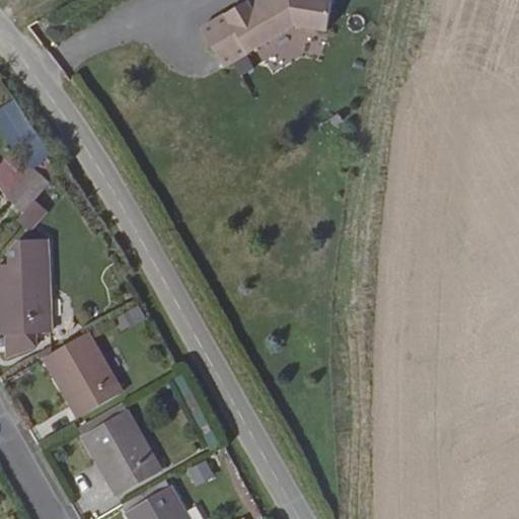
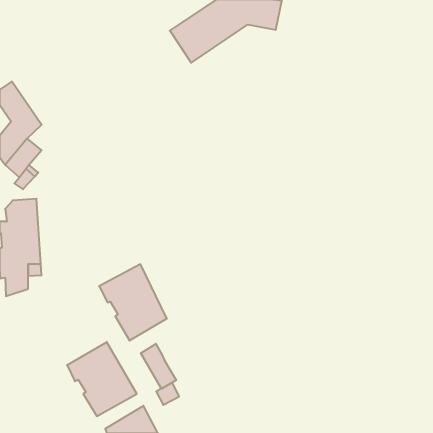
building: [40,331,121,423] -> [99,264,167,341]
building: none -> [141,344,176,389]

